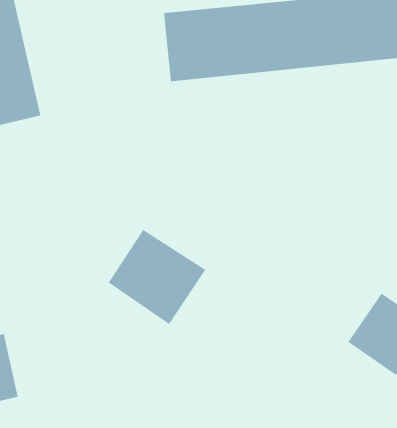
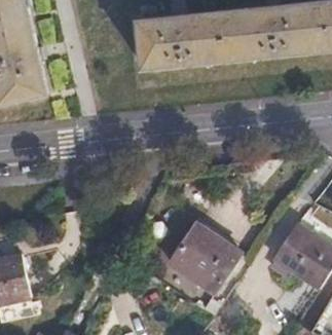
building: [108,229,206,325] -> [168,225,239,295]

